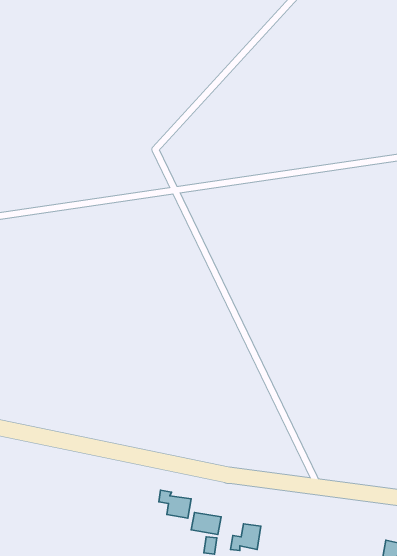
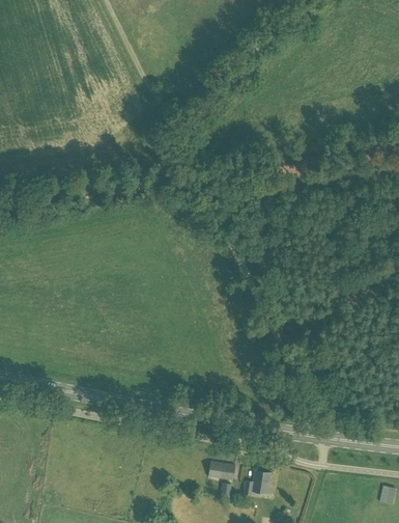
building: [159,490,191,518] -> none

